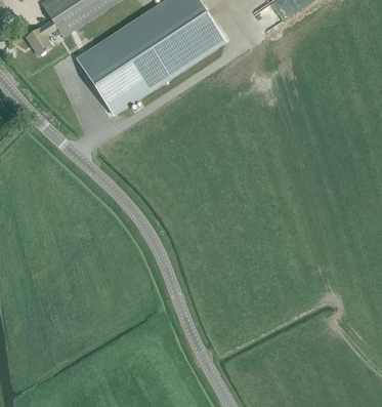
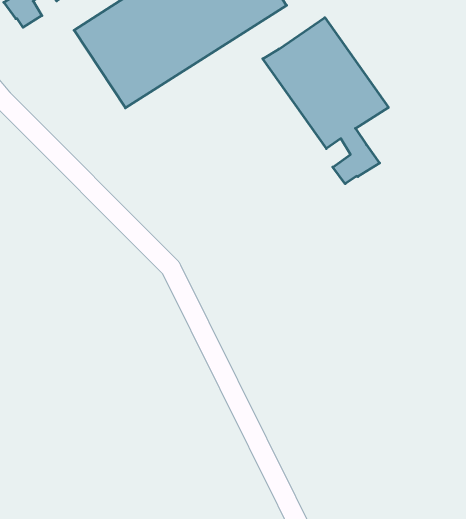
building: none -> [263,18,388,184]

